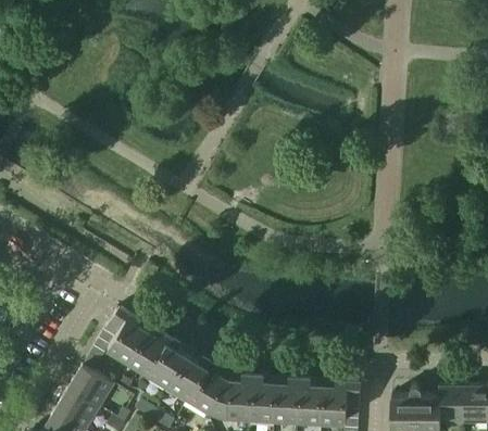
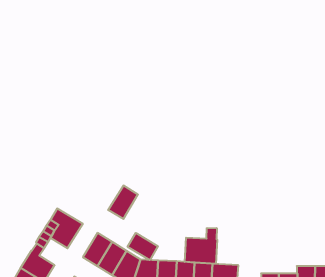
building: [132,329,172,373] -> [108,186,138,219]
building: none -> [185,228,217,264]
building: none -> [128,233,158,260]

